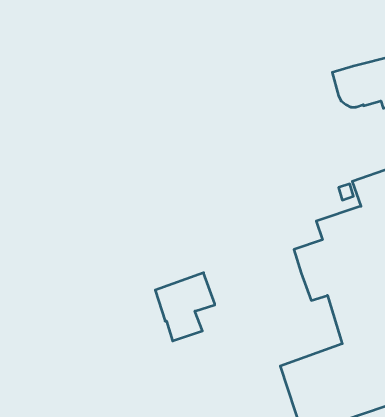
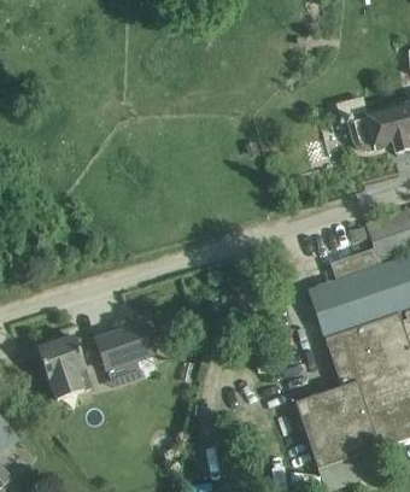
building: [155,273,215,341] -> [95,321,153,387]
building: none -> [36,335,89,399]

